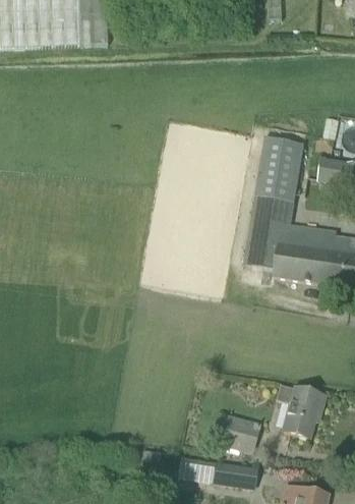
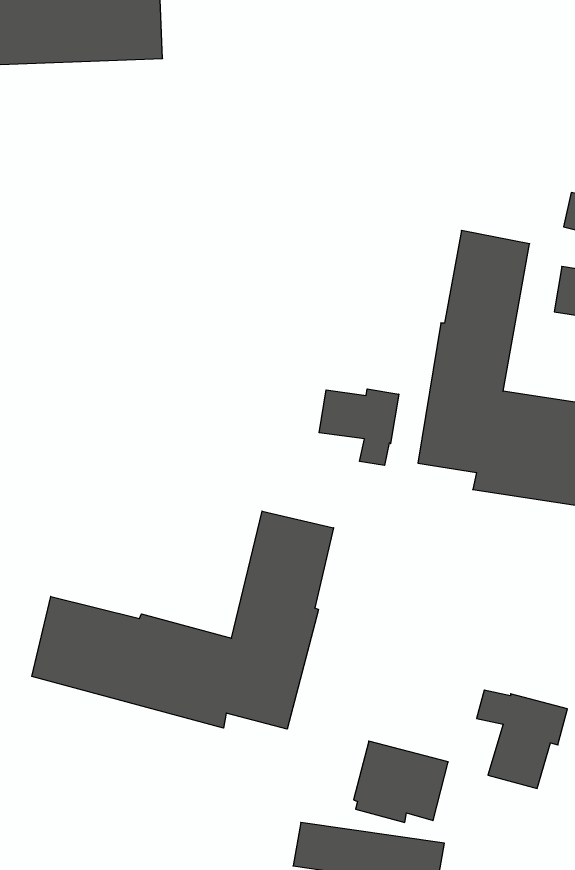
building: none -> [319,389,399,465]
building: none -> [32,511,334,729]

